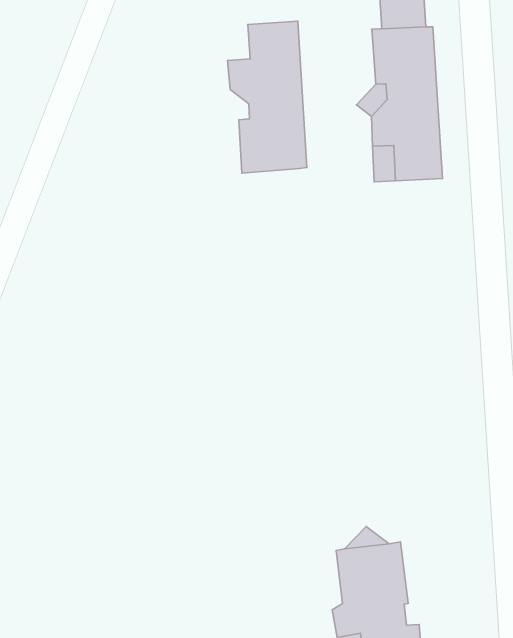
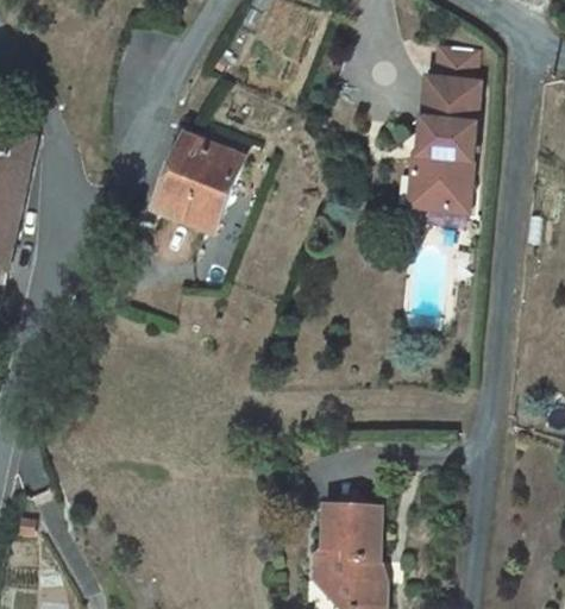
building: [228,21,307,173] -> none
building: none -> [155,137,240,232]

